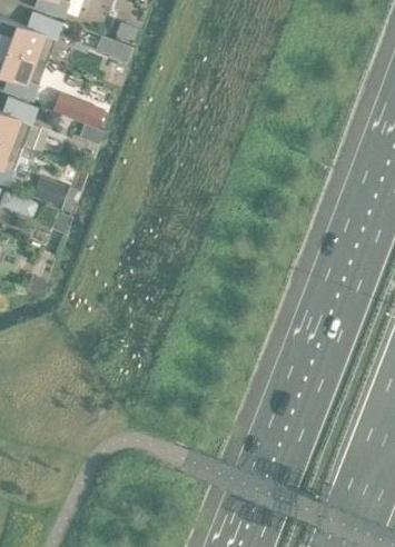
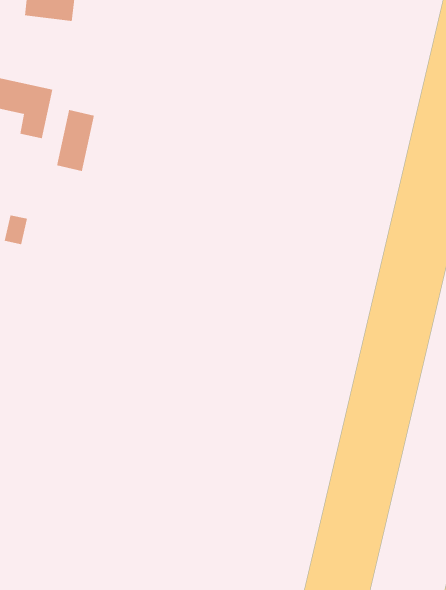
building: none -> [57,109,94,172]

